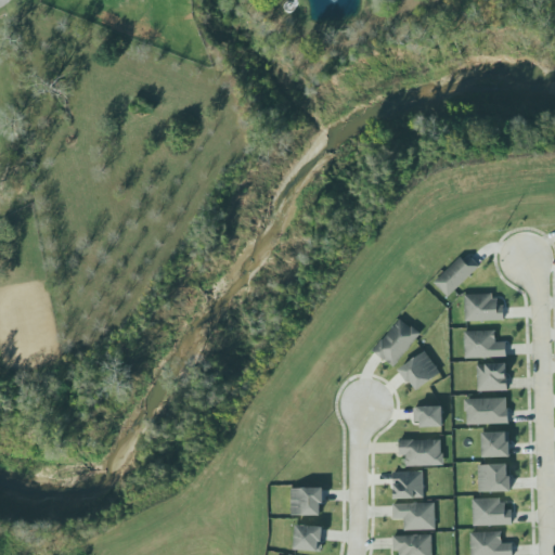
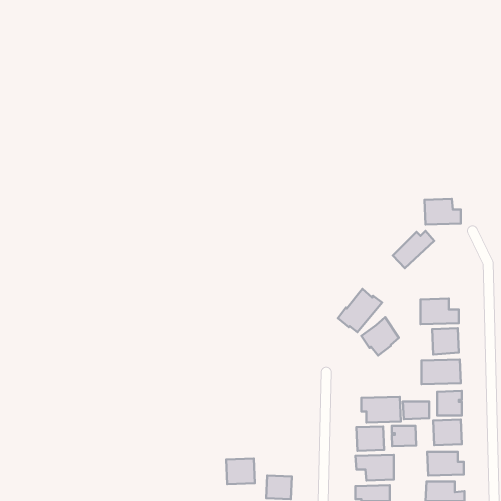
building: [464,293,504,321] -> [424,199,461,224]
building: [413,405,442,425] -> [403,401,429,419]
building: none -> [392,426,416,446]
building: [291,487,322,515] -> [226,458,255,484]

